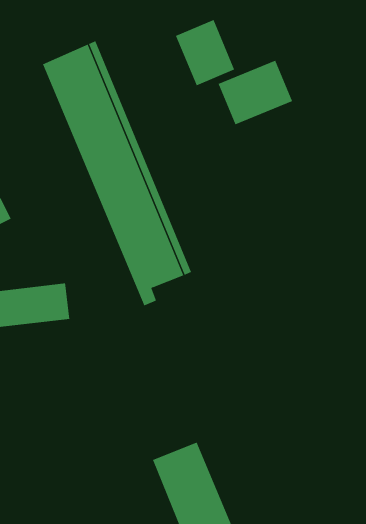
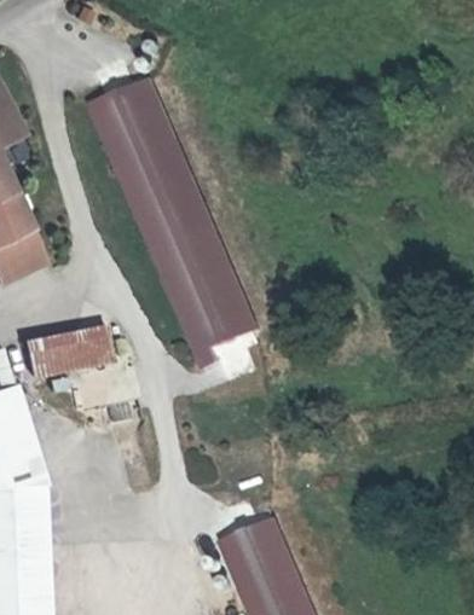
building: [175,19,235,86] -> none
building: [218,60,293,125] -> none

